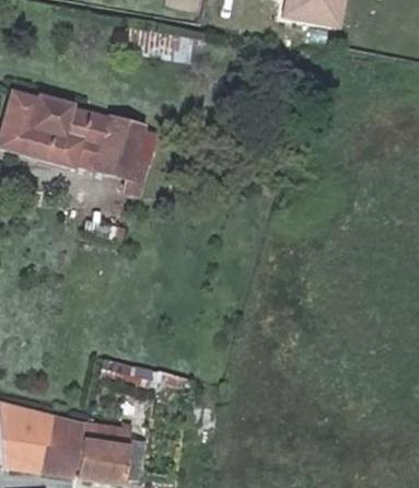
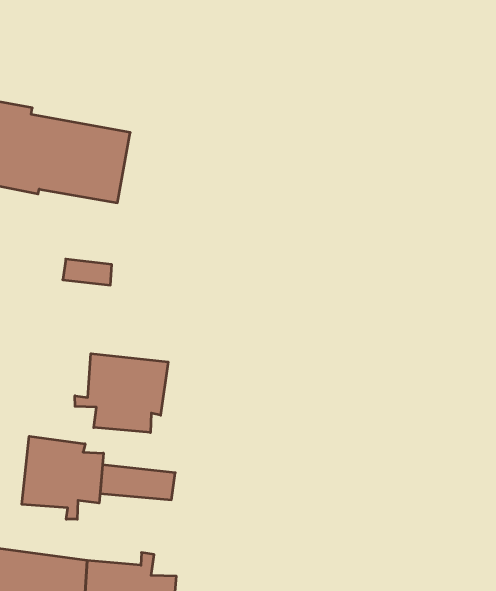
building: none -> [75,354,168,433]
building: none -> [22,436,103,519]

